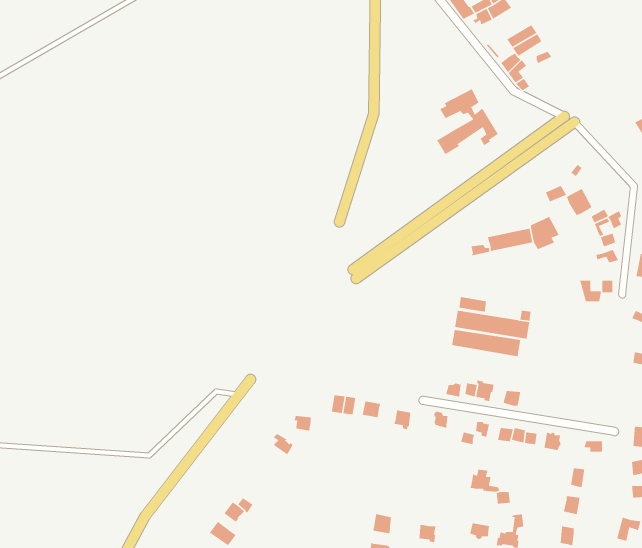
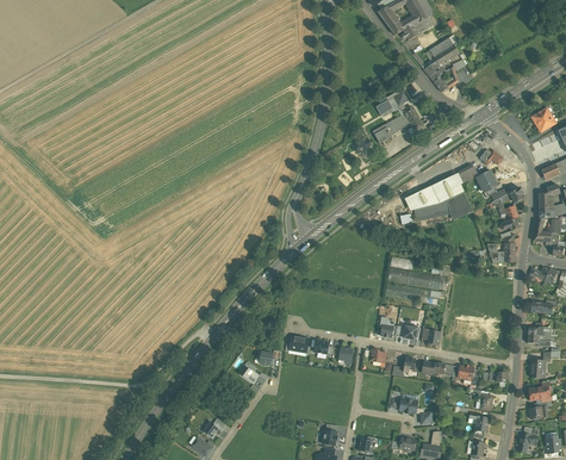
building: none -> [409,176,464,209]

